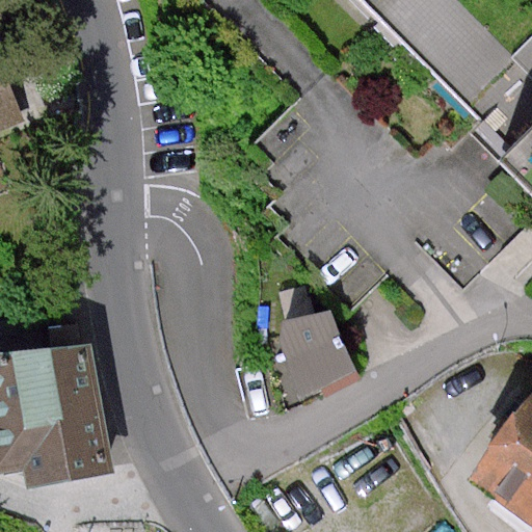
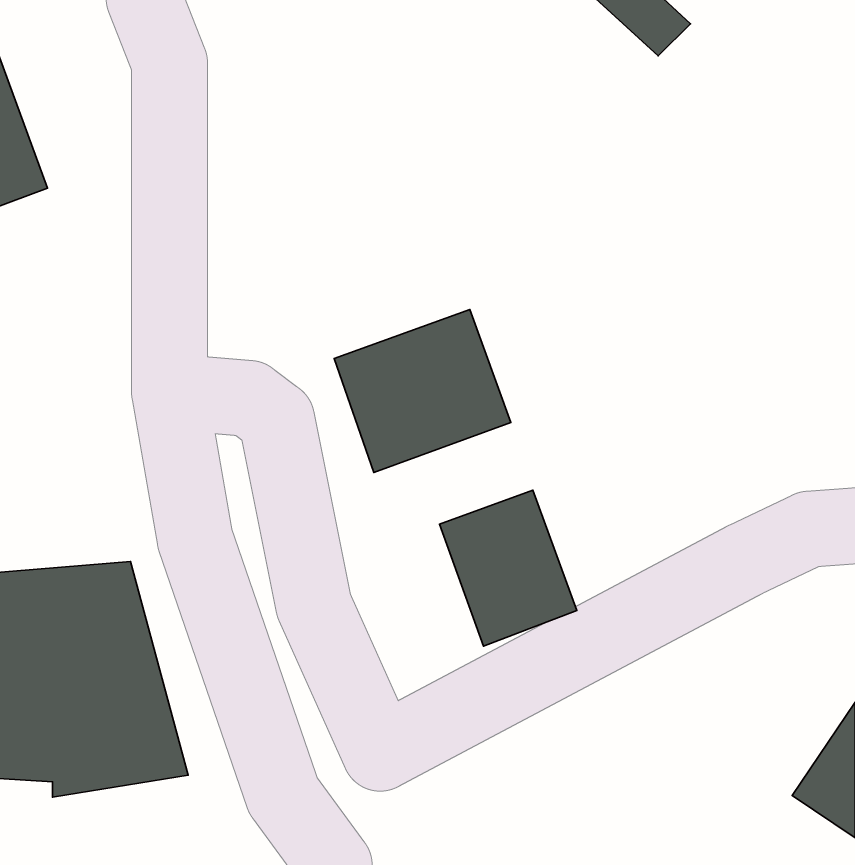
building: none -> [334,310,511,473]

